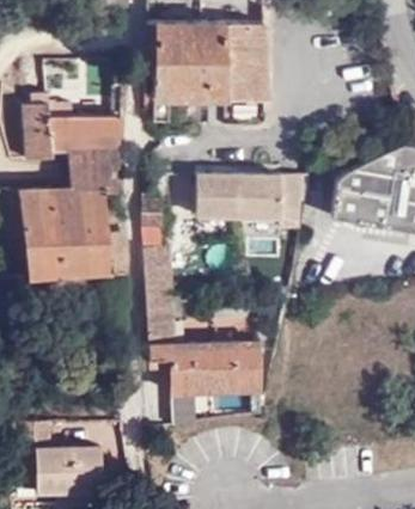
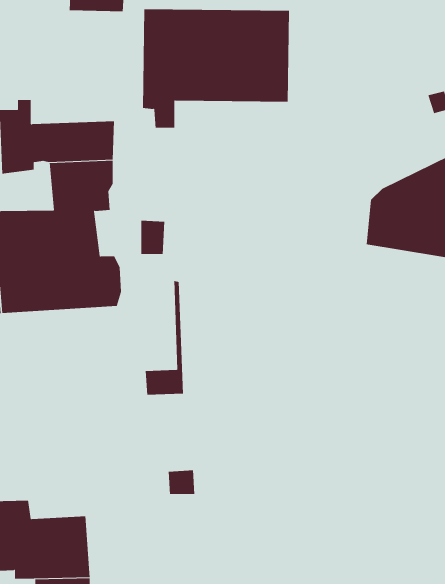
building: [189,179,298,233] -> none
building: [145,247,173,323] -> none
building: [149,343,260,393] -> none

